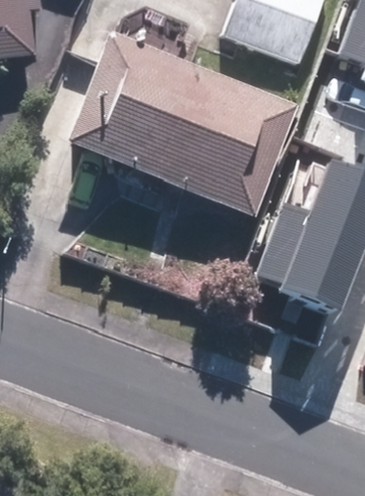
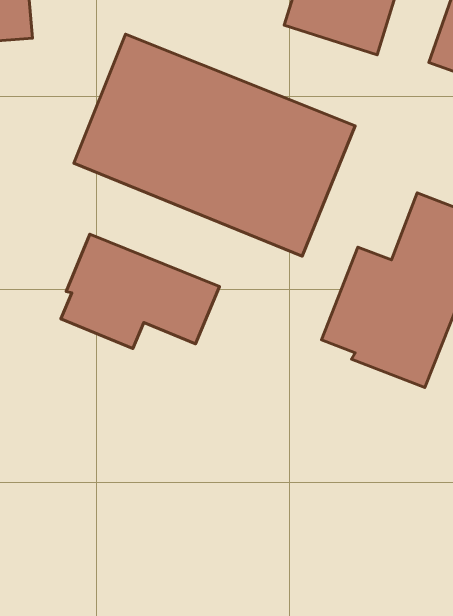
building: none -> [61,234,219,349]

